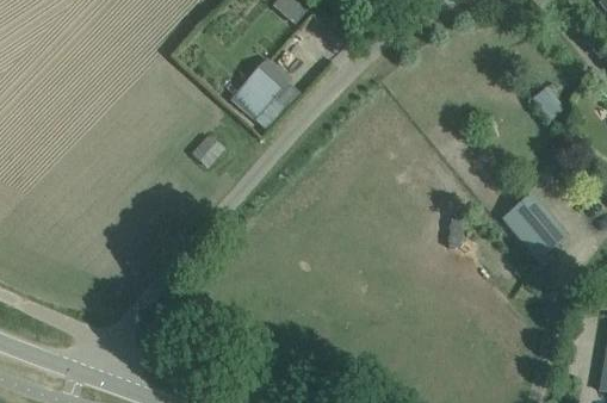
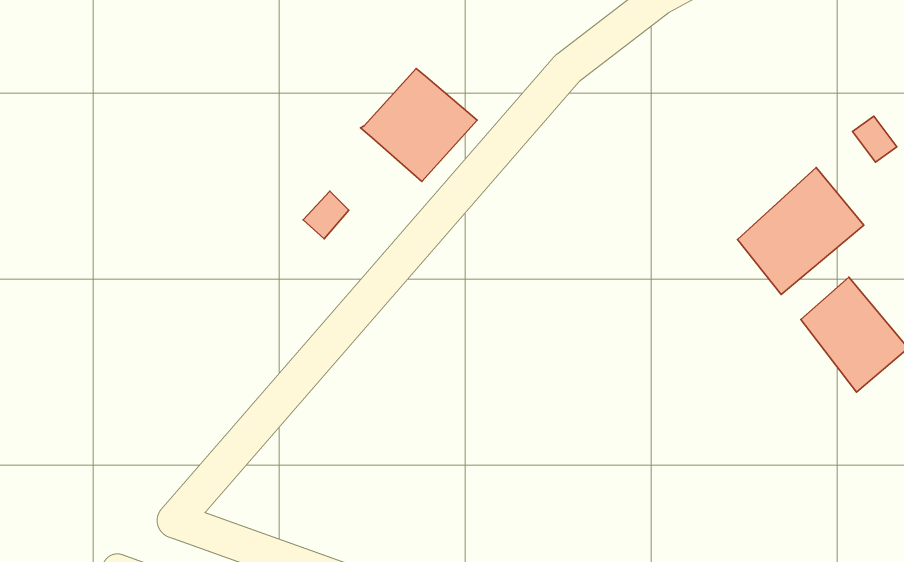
building: none -> [737,167,864,294]

